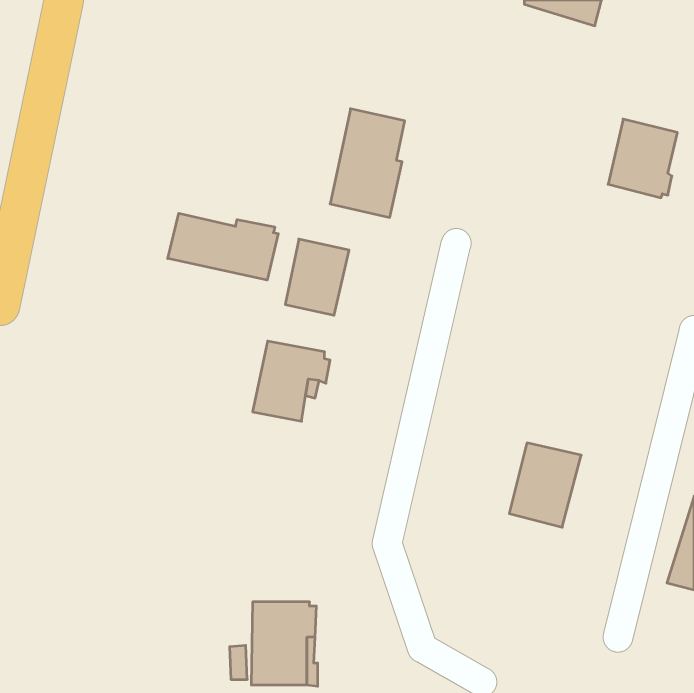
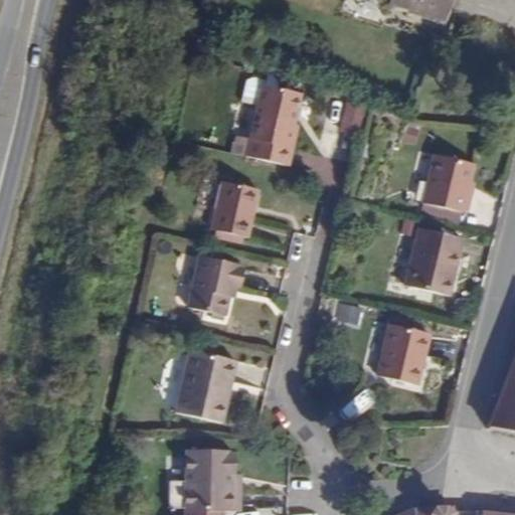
building: [608,119,677,198] -> [424,156,476,214]
building: [168,213,278,280] -> none
building: none -> [406,229,465,299]
building: none -> [174,348,233,420]

